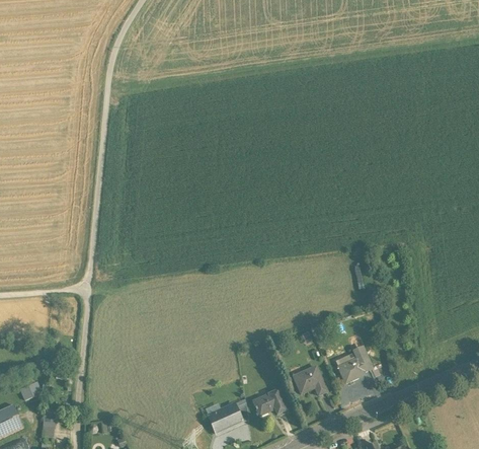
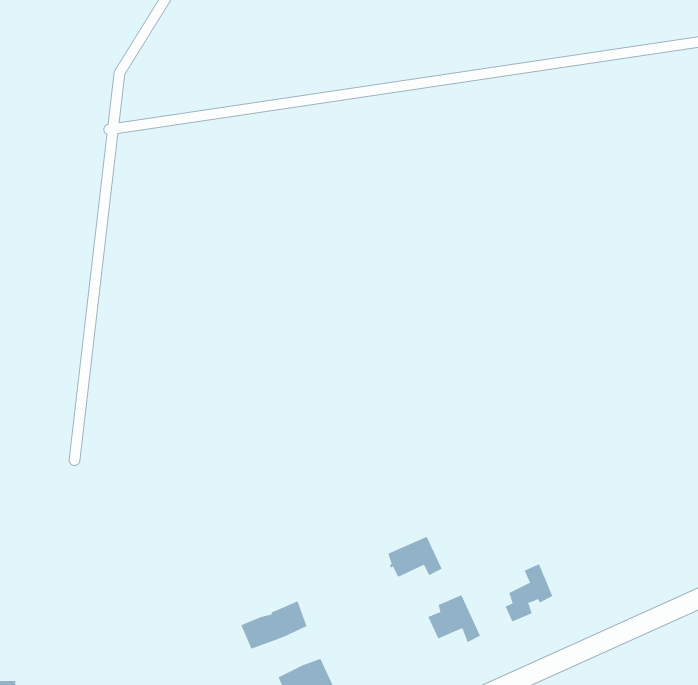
building: none -> [240,600,307,650]
building: [253,390,286,415] -> [387,536,443,577]

